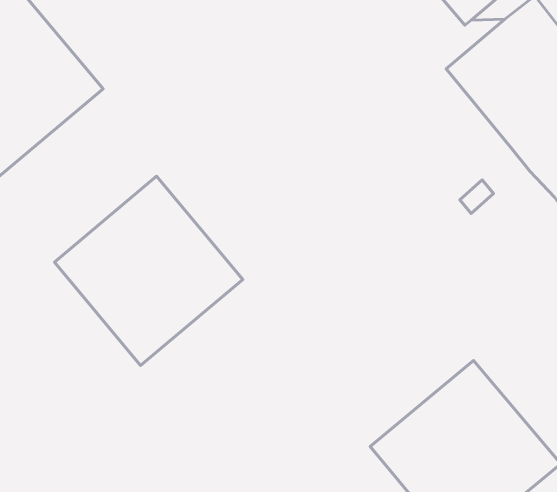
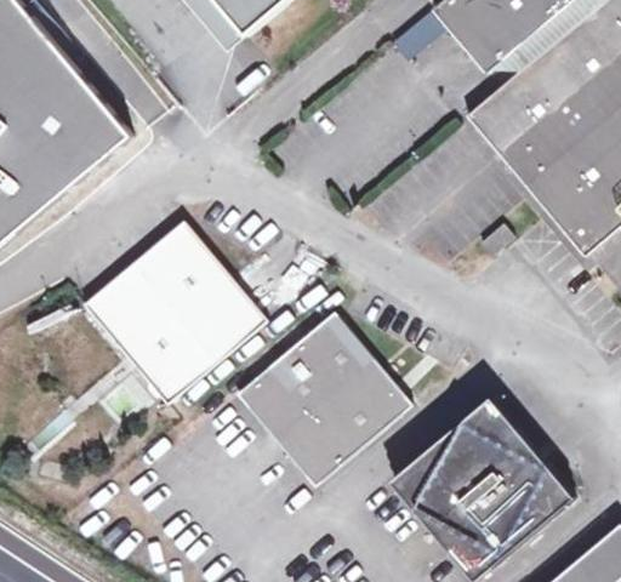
building: none -> [239,312,412,485]

